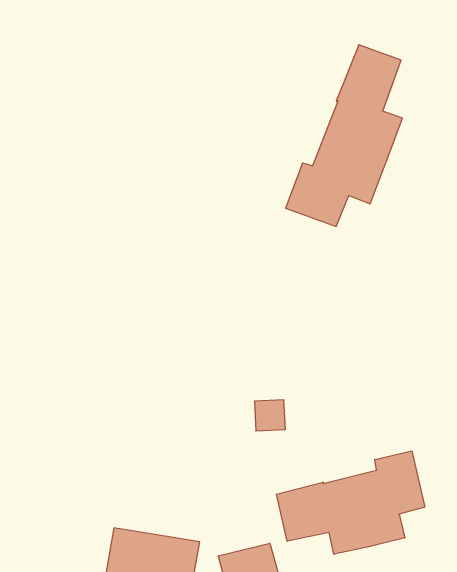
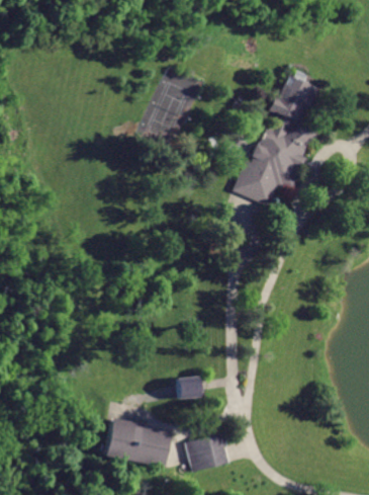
building: [254,400,285,431] -> [178,377,200,399]
building: [276,451,425,554] -> none

